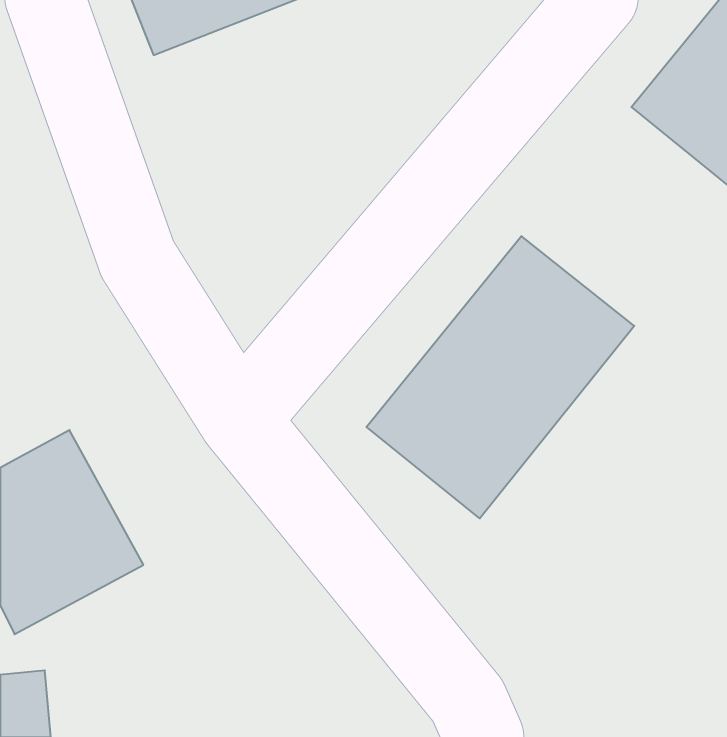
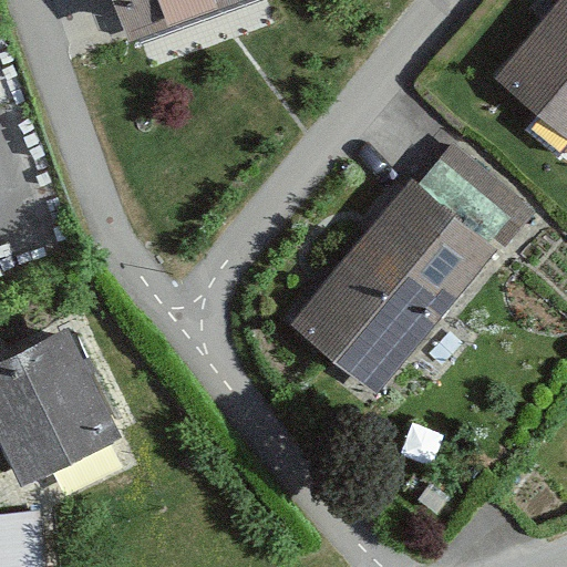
building: none -> [424,148,537,249]

